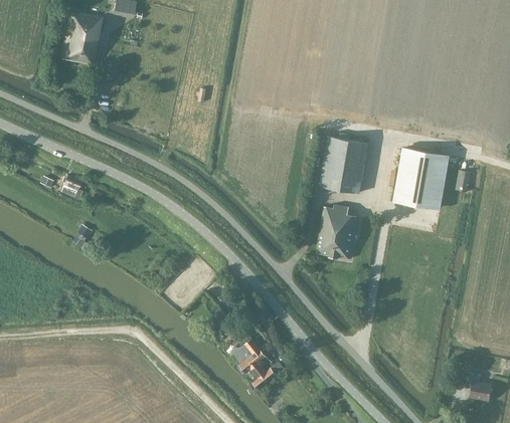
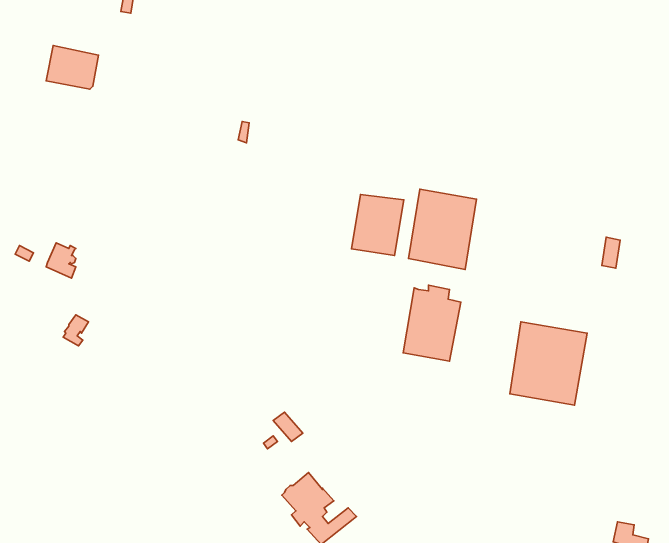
building: [67,13,105,41] -> none
building: none -> [351,194,404,255]
building: [395,150,451,209] -> [510,322,587,405]

